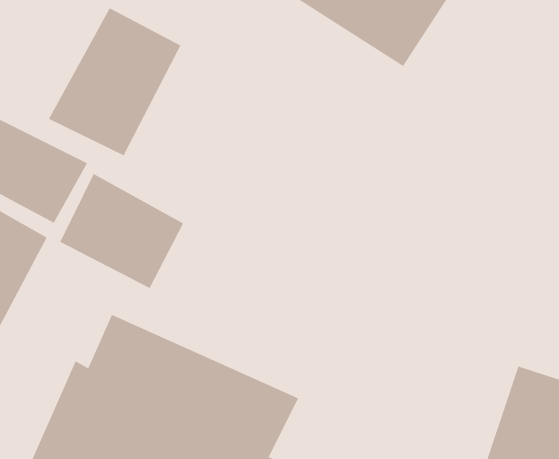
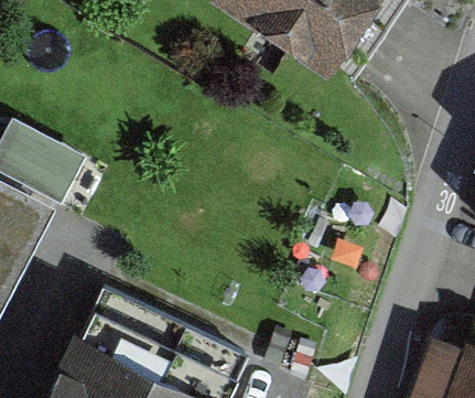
building: [48,7,181,156] -> none
building: [59,173,184,289] -> none

